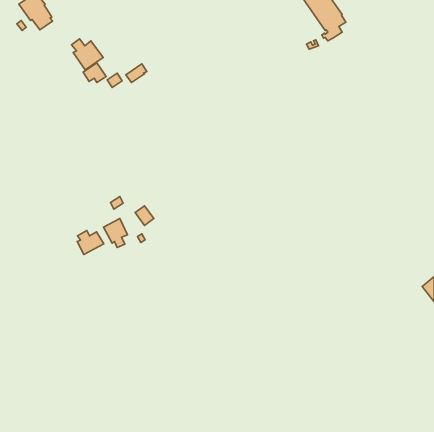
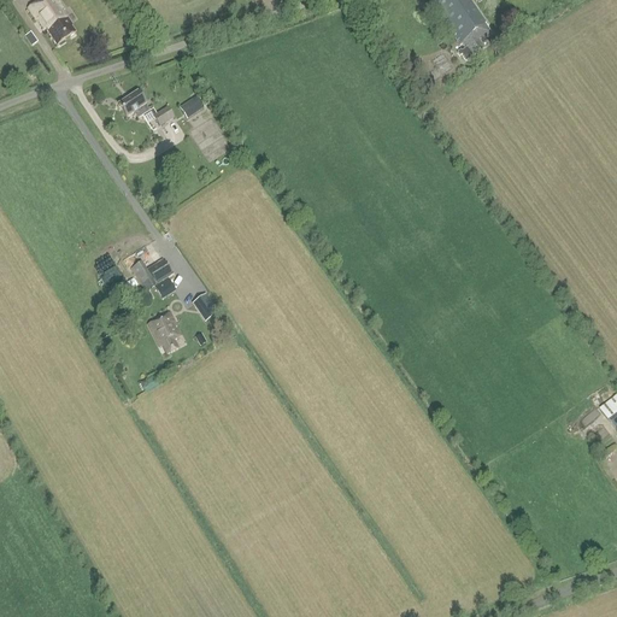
building: [72,39,103,70] -> none
building: none -> [130,257,172,289]
building: [77,231,104,254] -> none

